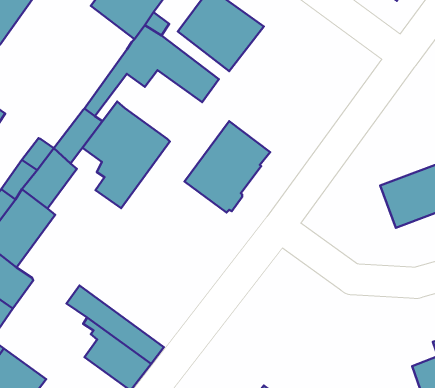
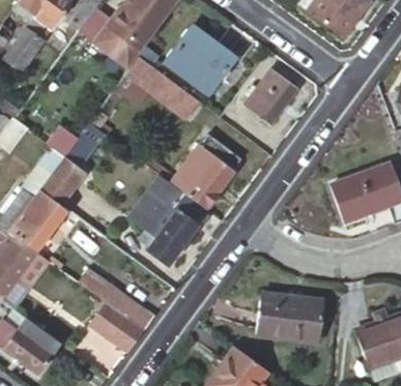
building: none -> [245,68,297,124]
building: [83,102,170,208] -> [138,177,208,263]
building: none -> [257,293,322,342]

